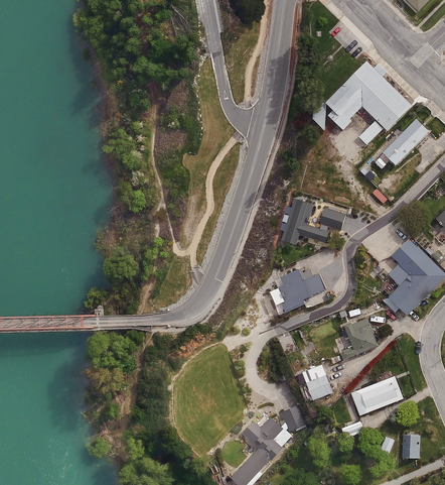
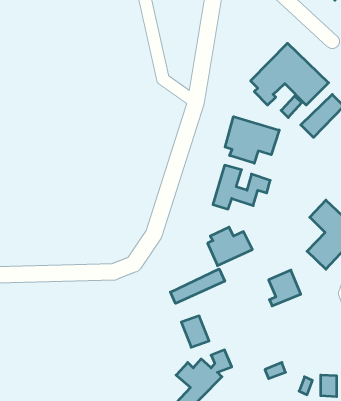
building: none -> [225,117,279,163]
building: none -> [170,269,225,303]
building: [301,364,332,399] -> [181,316,209,347]
building: [350,375,402,414] -> none

